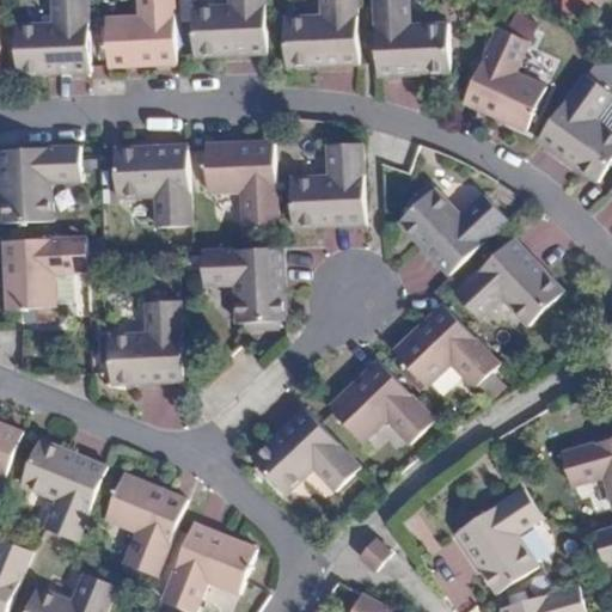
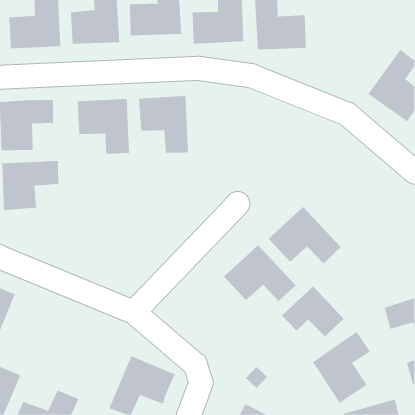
building: [463,25,545,129] -> none
building: [289,141,365,226] -> none
building: [397,186,506,275] -> none
building: [453,237,562,324] -> none
building: [198,246,286,322] -> none
building: [105,300,183,384] -> none
building: [251,408,360,492] -> none
building: none -> [281,285,344,337]
building: [18,437,108,540] -> none
building: [103,473,186,576] -> none

